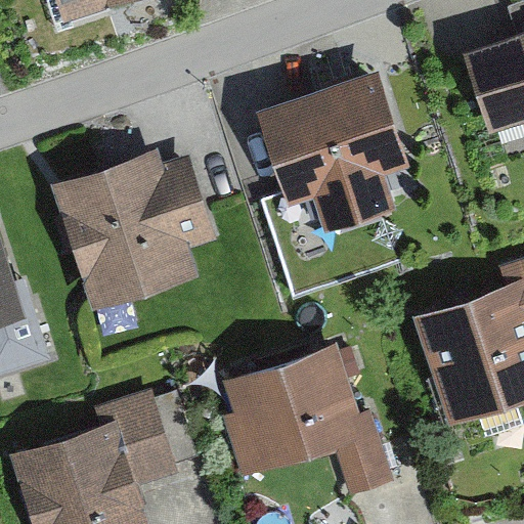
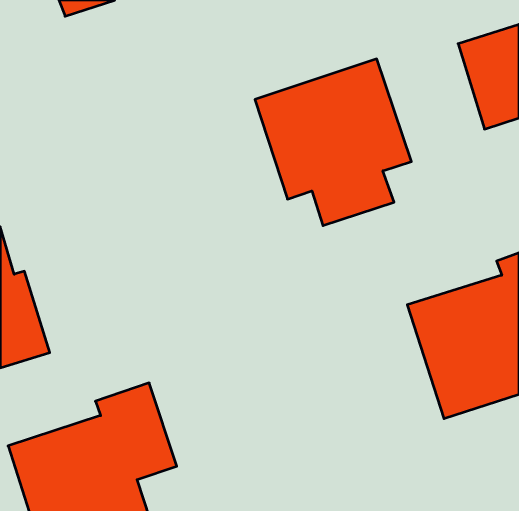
building: [51,149,218,312] -> none
building: [224,346,396,503] -> none

